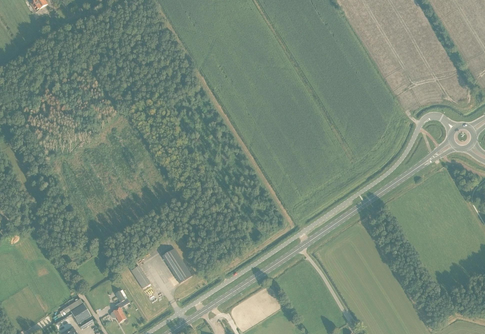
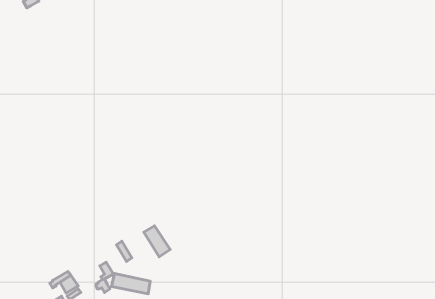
building: none -> [111,273,150,294]

